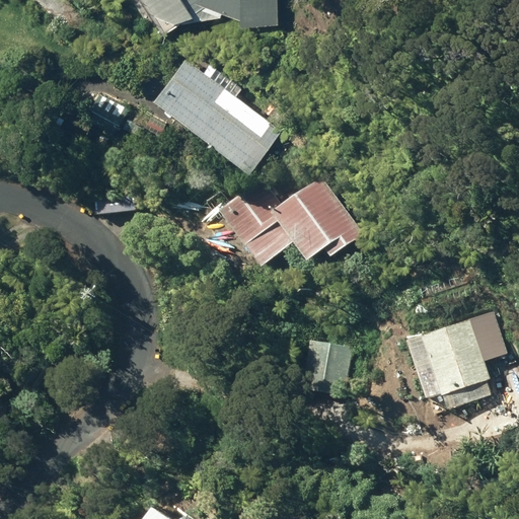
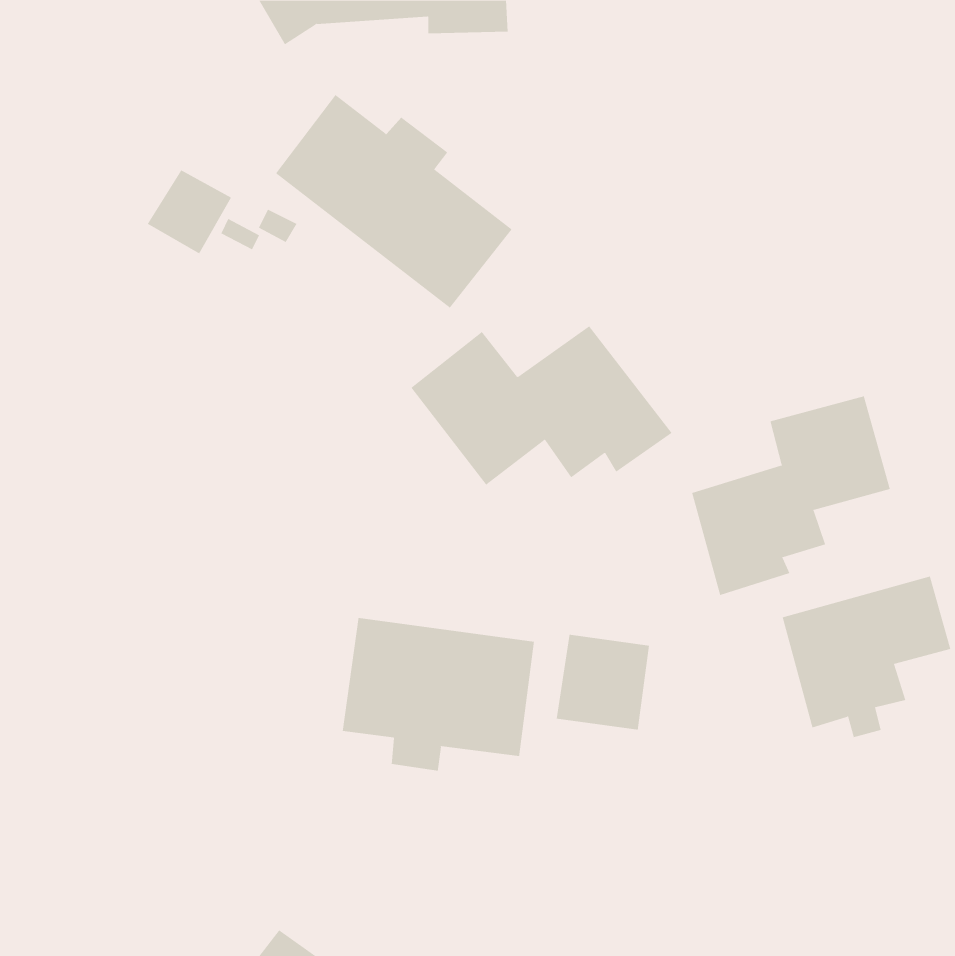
building: none -> [691,395,890,596]
building: none -> [342,617,535,771]

